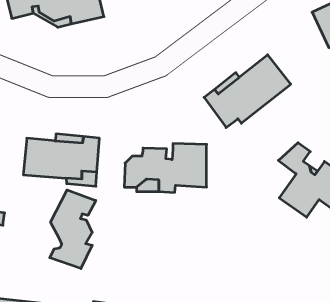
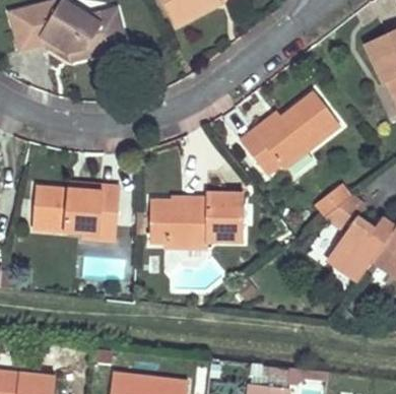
building: [50,190,96,269] -> none

